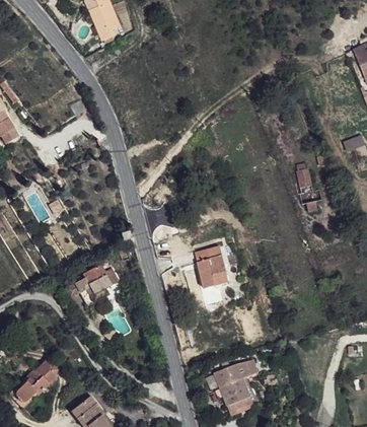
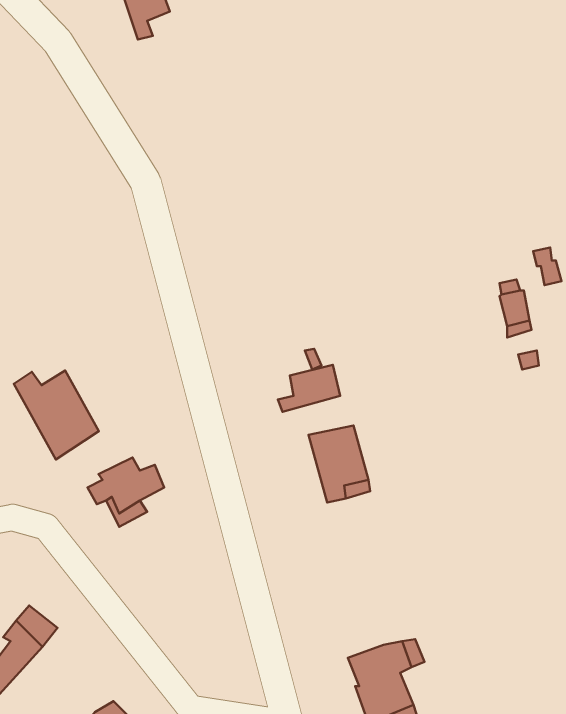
building: none -> [278,365,340,412]
building: none -> [14,370,99,459]

